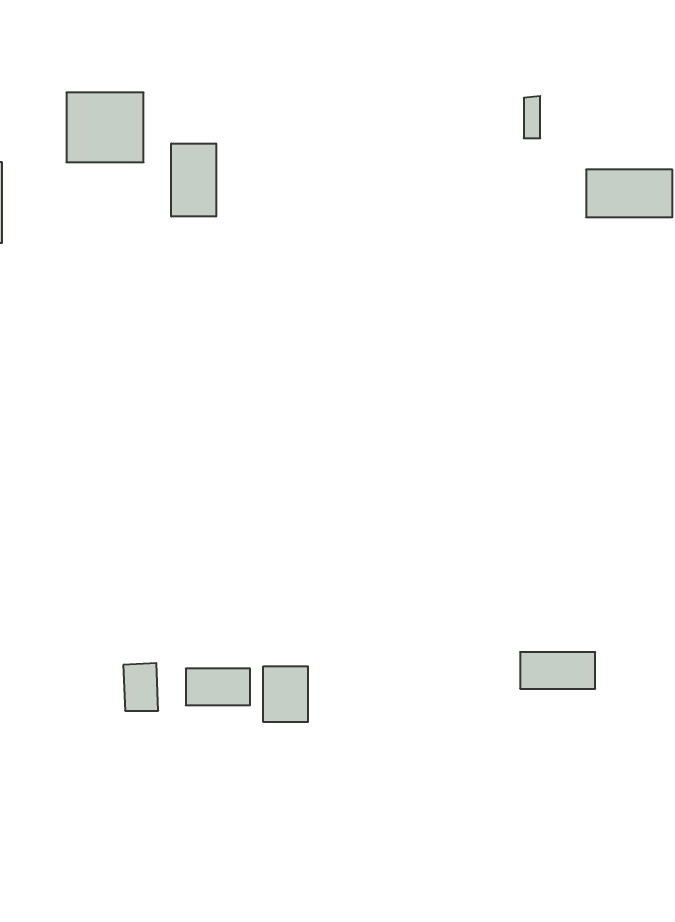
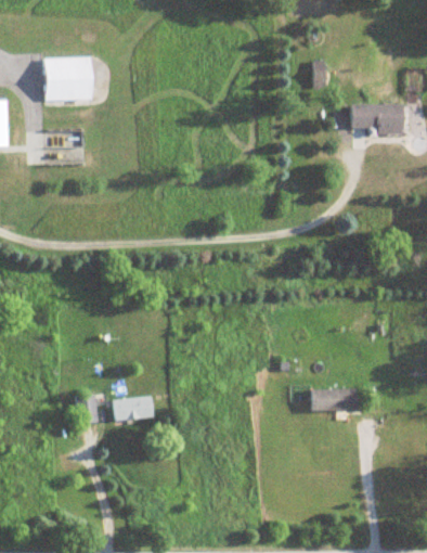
building: [171,143,216,217] -> none
building: [263,666,308,722] -> none

